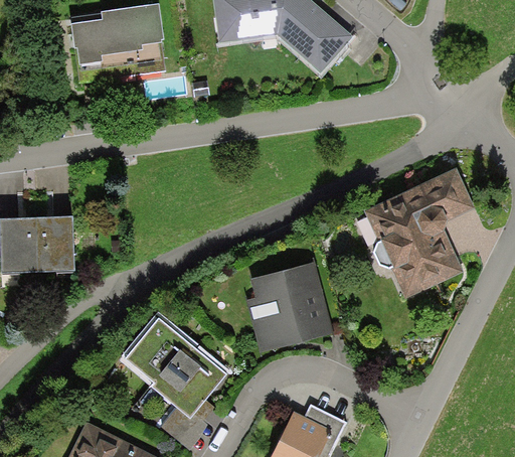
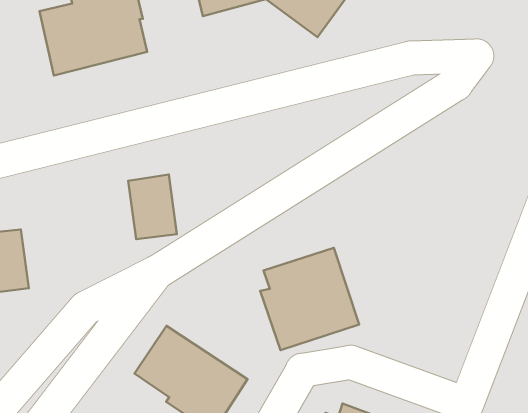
building: [364,168,475,296] -> none
building: [35,216,74,272] -> [128,175,177,239]

